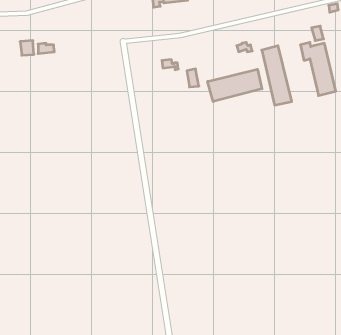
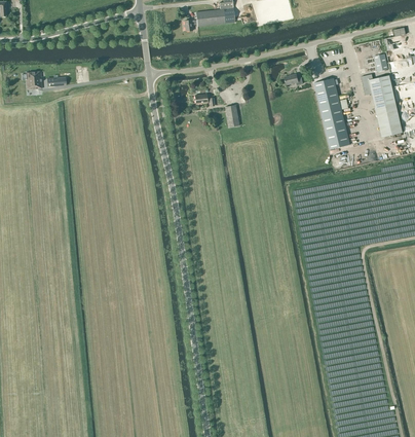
building: [208,69,262,102] -> none

